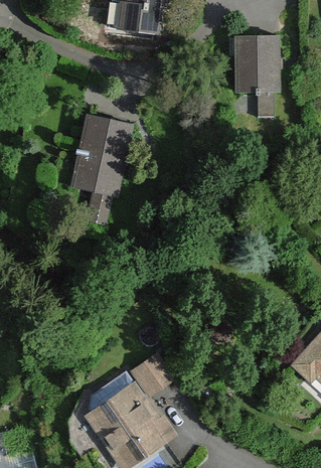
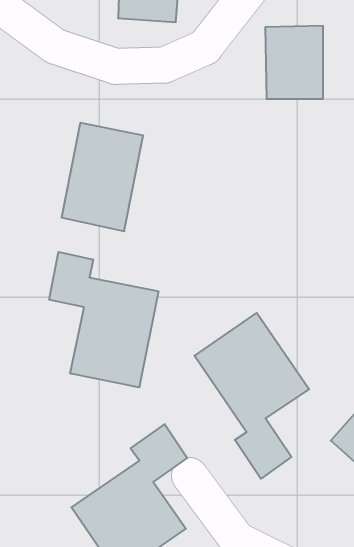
building: none -> [49,252,158,387]
building: none -> [194,313,309,479]

